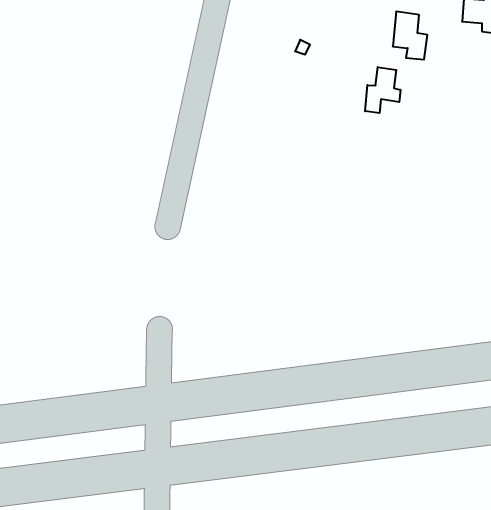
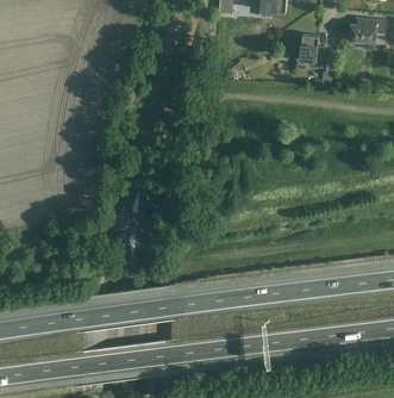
building: [365,67,400,113] -> none

